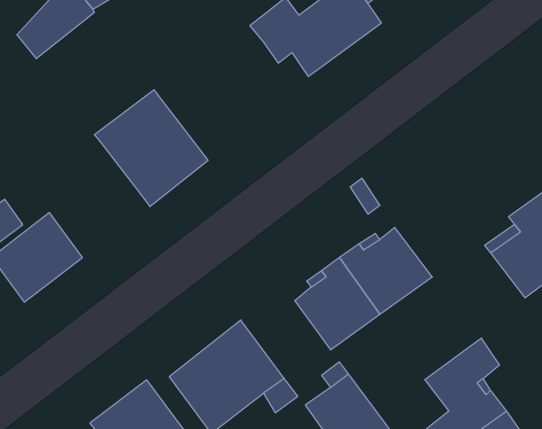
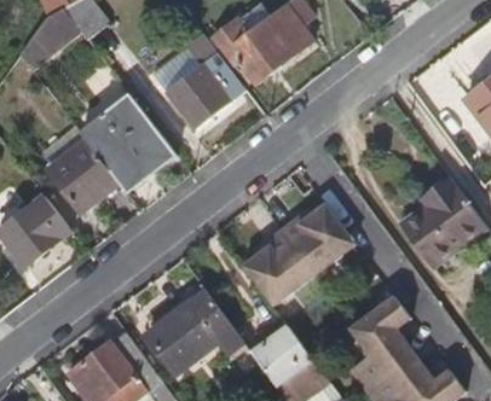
building: none -> [155,46,244,129]
building: none -> [47,138,119,210]

